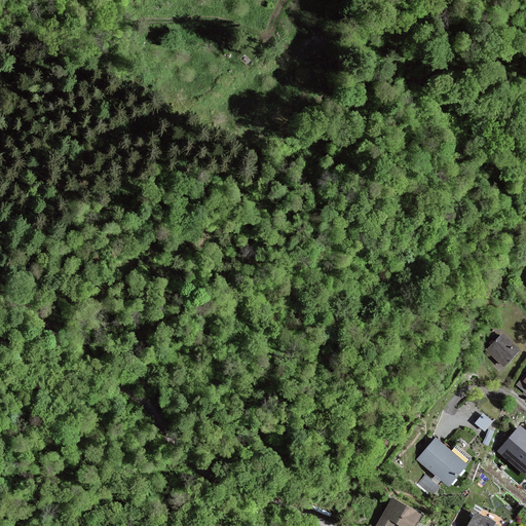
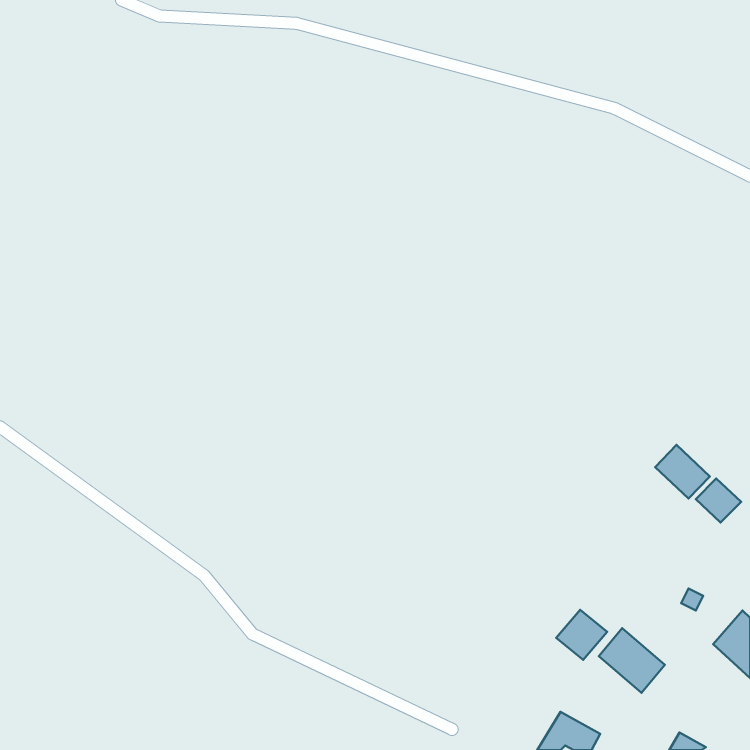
building: none -> [655,445,710,499]
building: none -> [556,610,607,660]

